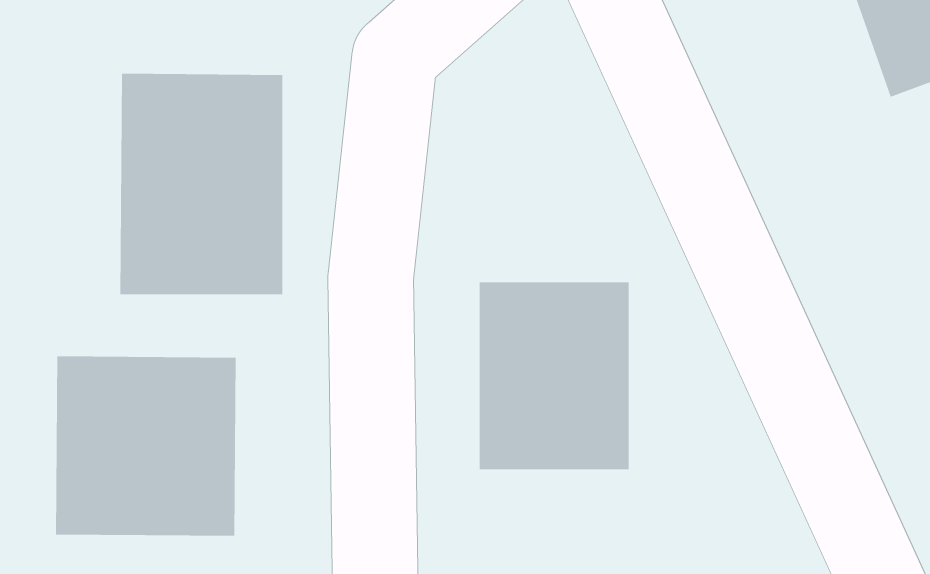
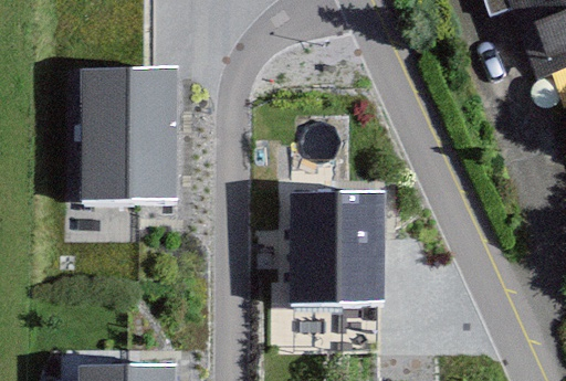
building: [55,356,236,537] -> none

